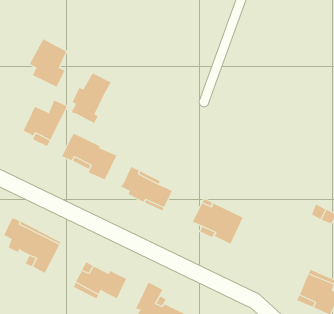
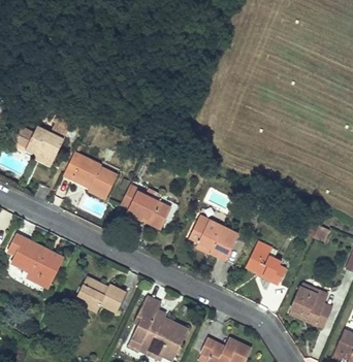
building: [29,38,67,88] -> none
building: [71,72,112,124] -> none
building: none -> [246,249,286,285]

